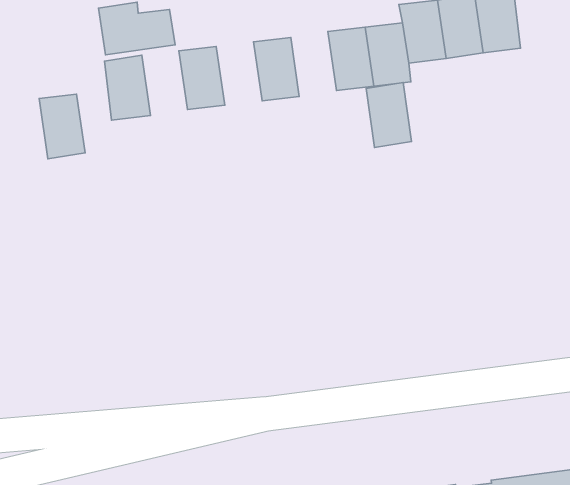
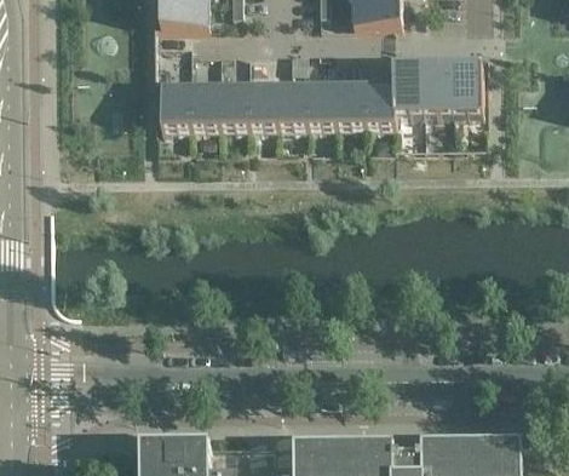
building: none -> [247,81,277,127]
building: [366,83,412,147] -> [305,80,335,127]
building: [39,94,85,159] -> [189,81,219,128]

